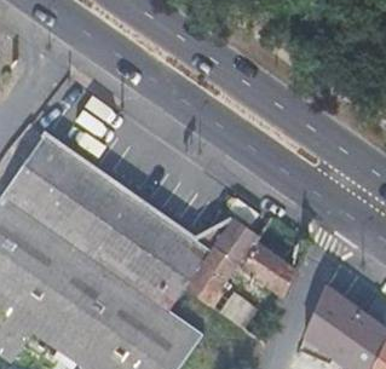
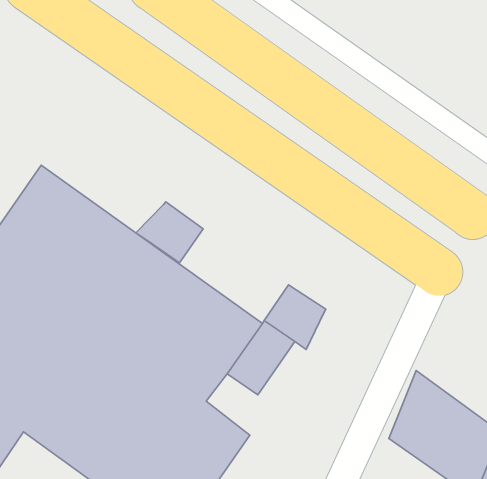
building: none -> [136,202,203,263]
building: [244,241,298,296] -> none

